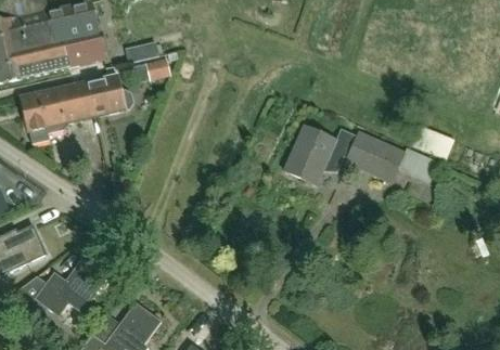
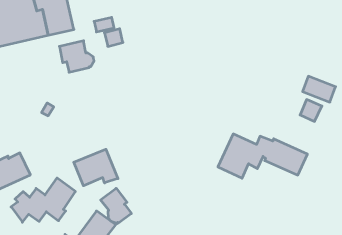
building: [20,81,98,143] -> none
building: [283,126,403,185] -> [218,134,307,178]
building: none -> [74,149,118,186]
building: none -> [101,188,131,224]

